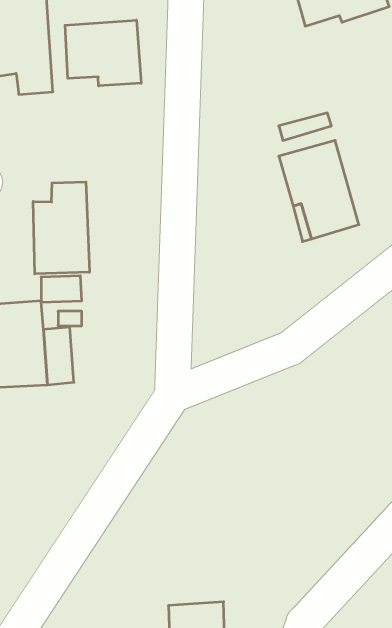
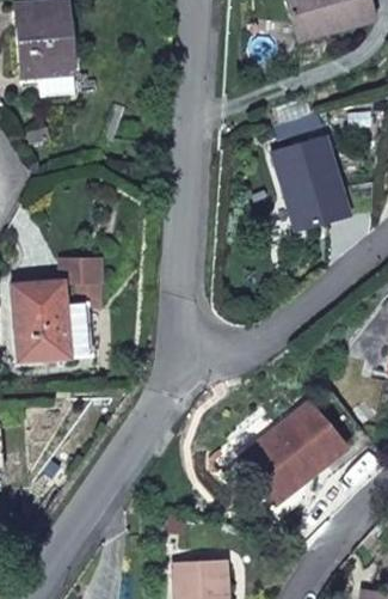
building: [65,20,141,86] -> none
building: [33,182,89,274] -> none
building: none -> [244,402,347,493]

